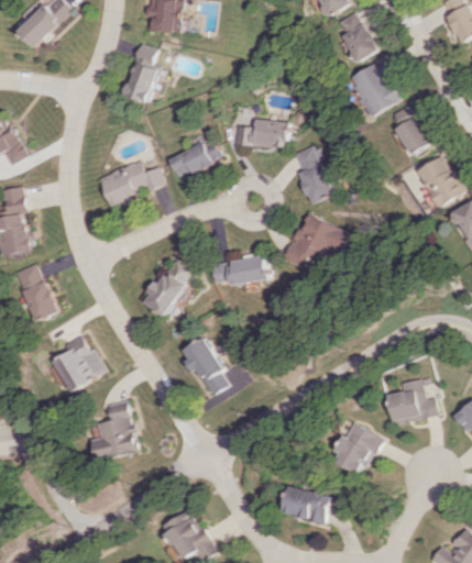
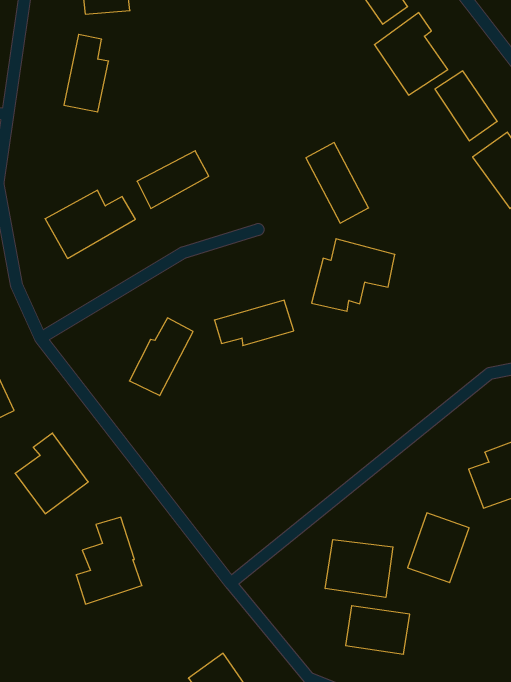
building: [231,120,285,147] -> none
building: [182,338,224,397] -> none
building: none -> [325,540,393,597]

